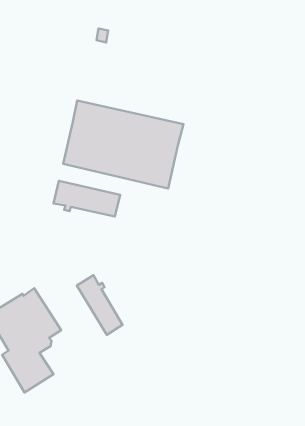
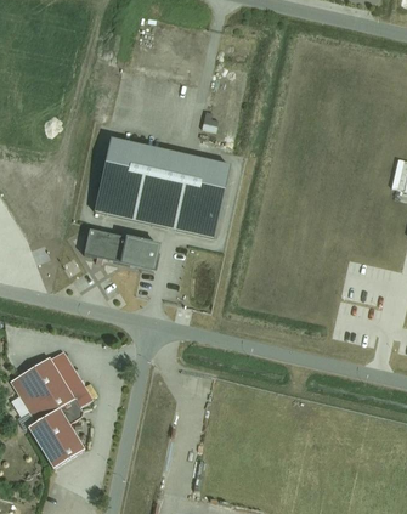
building: [77,275,123,335] -> none

